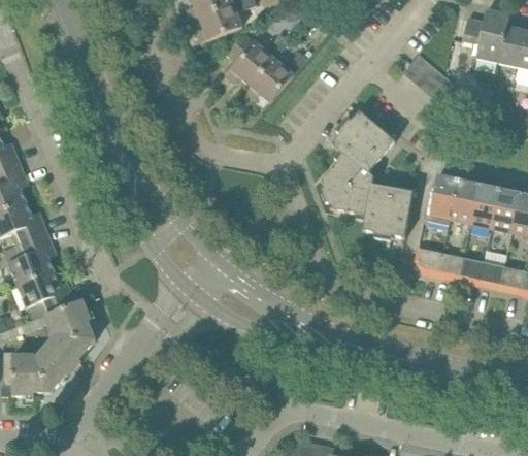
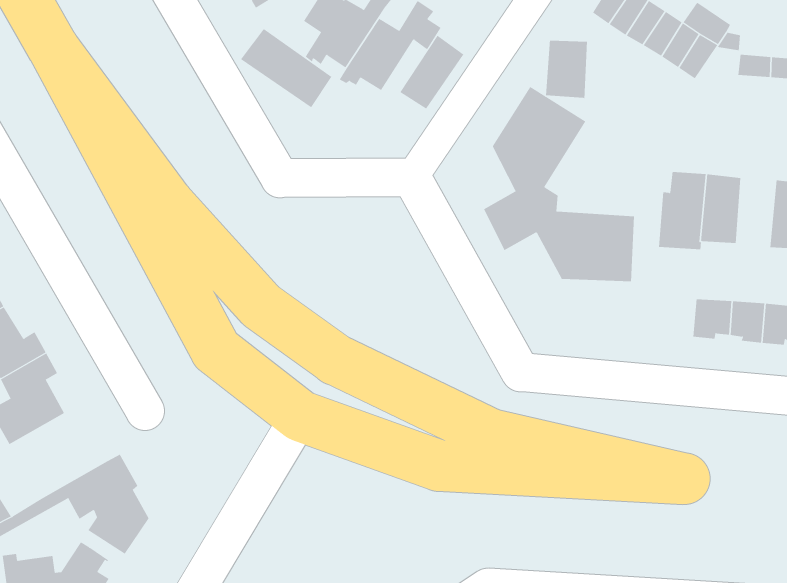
building: none -> [240,28,332,108]
building: none -> [399,35,464,110]
building: none -> [545,40,588,99]
building: [471,184,500,228] -> none
building: [416,247,442,275] -> none
building: [18,270,75,320] -> none

